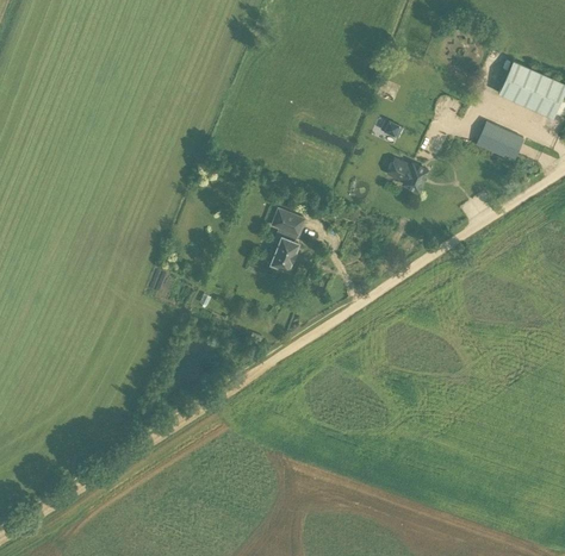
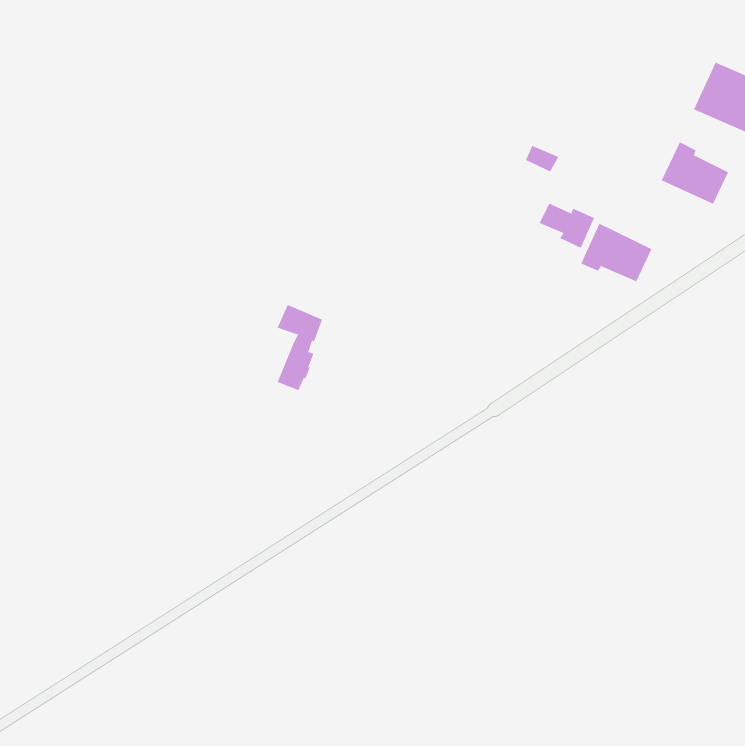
building: none -> [580,223,652,282]
building: [271,208,303,269] -> [277,304,323,391]

